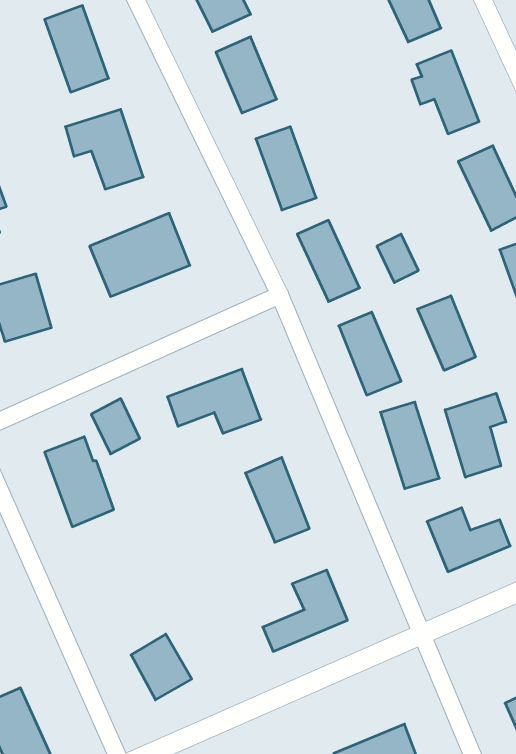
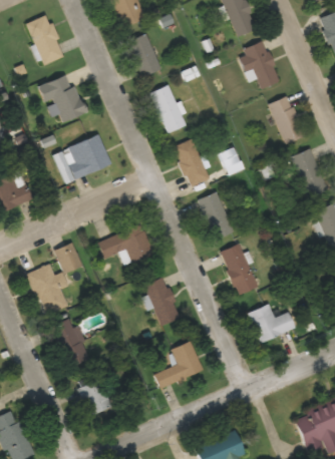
building: [417,296,475,370] -> none
building: [445,393,506,477] -> none
building: none -> [51,319,88,370]

